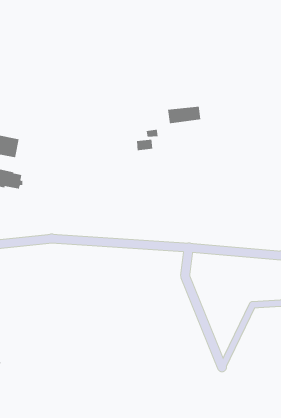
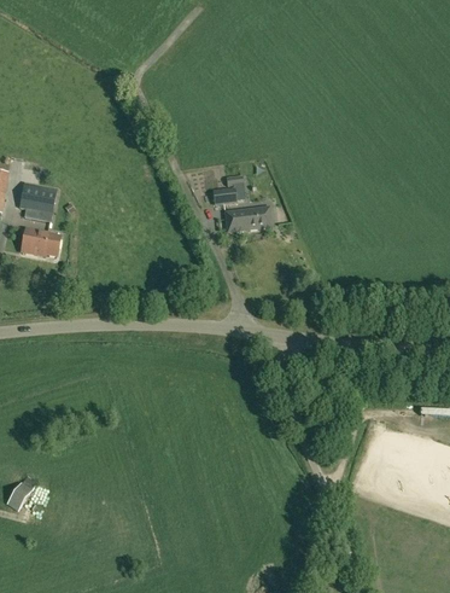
building: [167,106,201,124] -> [226,208,271,232]

